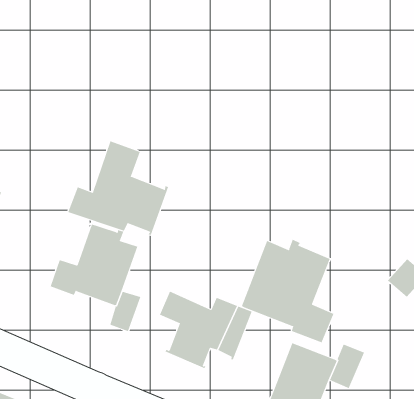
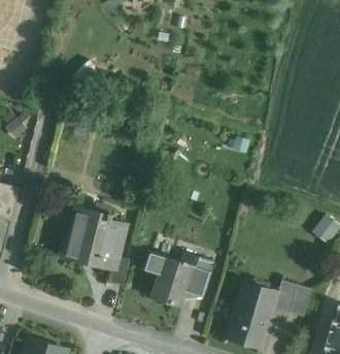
building: [67,141,169,236] -> none
building: [241,239,334,343] -> none

